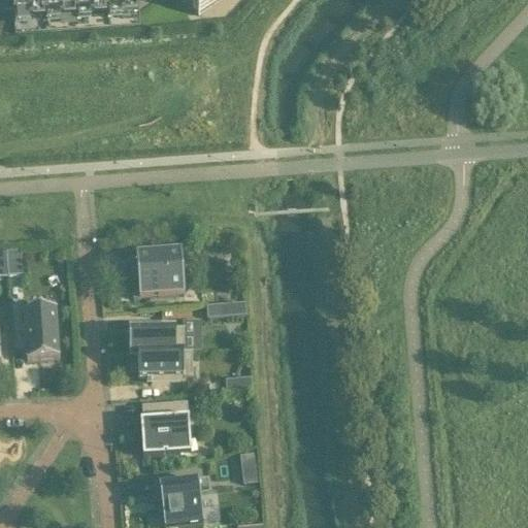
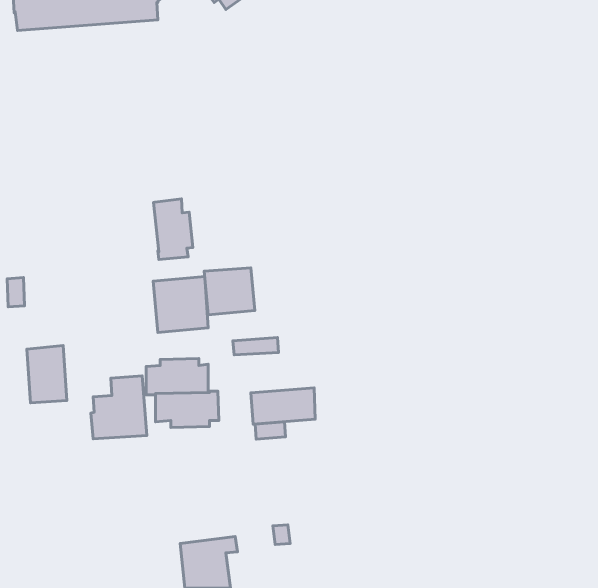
building: none -> [154,199,193,259]
building: none -> [204,268,255,315]
building: none -> [251,388,315,424]
building: [141,395,191,451] -> [91,376,147,439]

